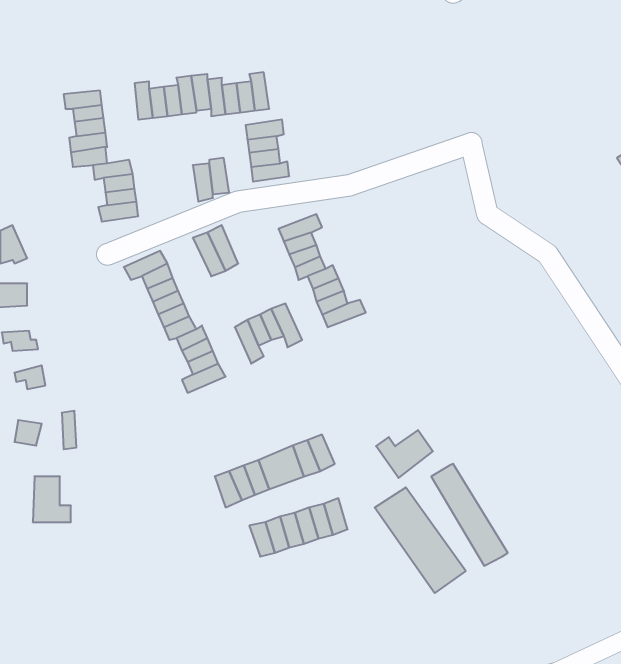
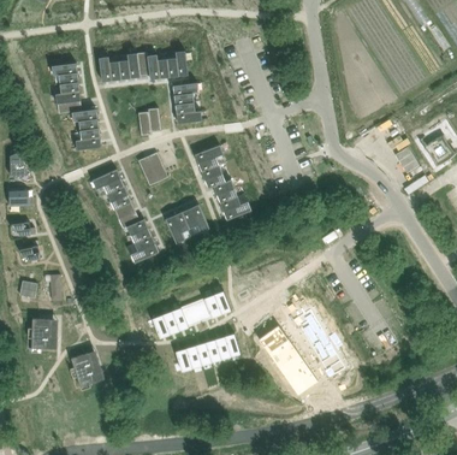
building: [376,430,433,478] -> none
building: none -> [72,353,105,386]

